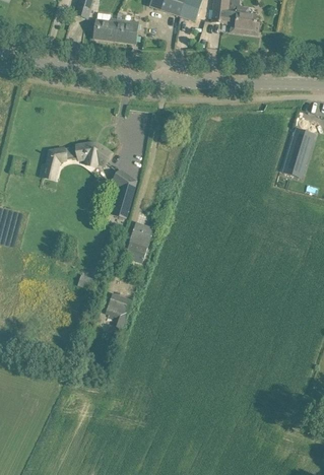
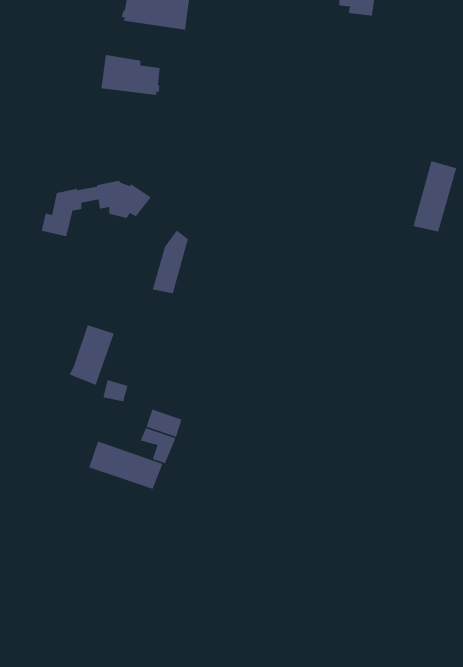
building: none -> [100,54,161,96]
building: [123,221,153,262] -> [69,324,115,386]
building: none -> [88,440,164,490]

